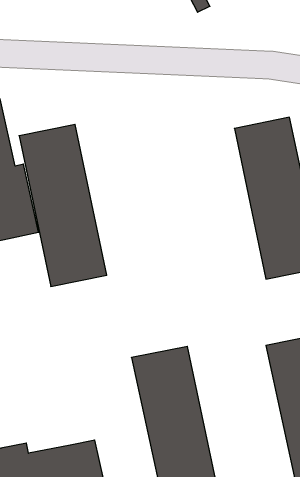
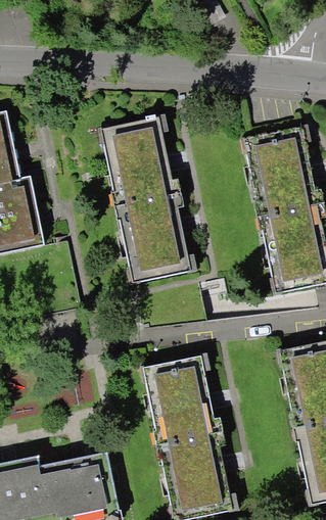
building: [19,124,107,286] -> [102,116,190,279]

